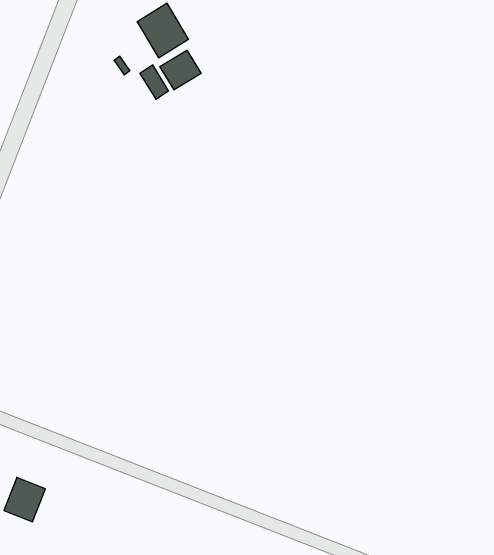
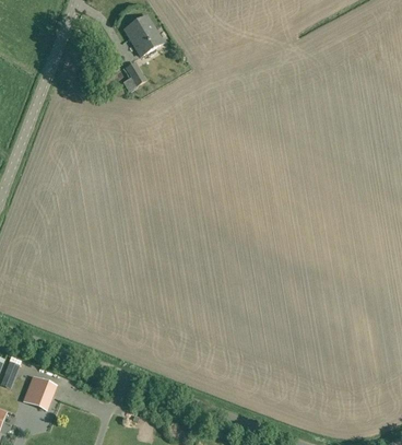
building: [160,50,201,90] -> none

